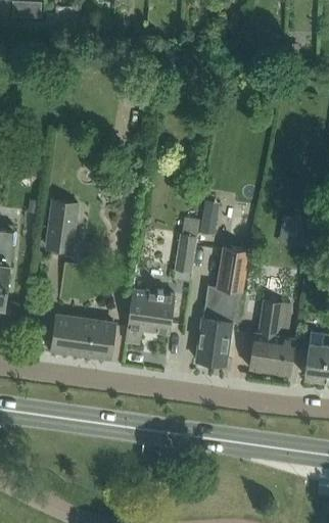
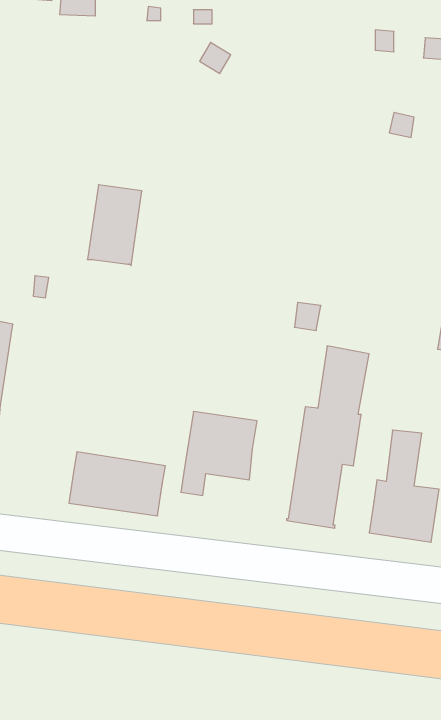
building: [45,199,81,252] -> [87,185,142,266]
building: [174,218,198,281] -> none

